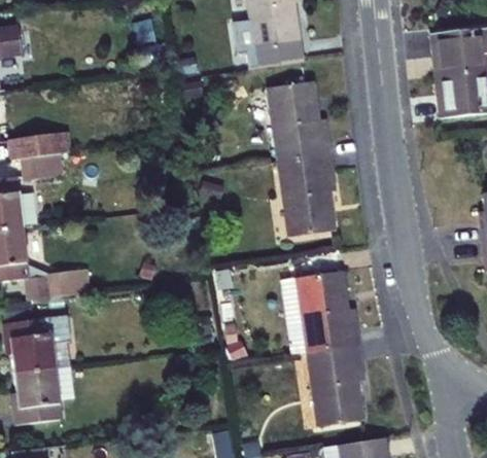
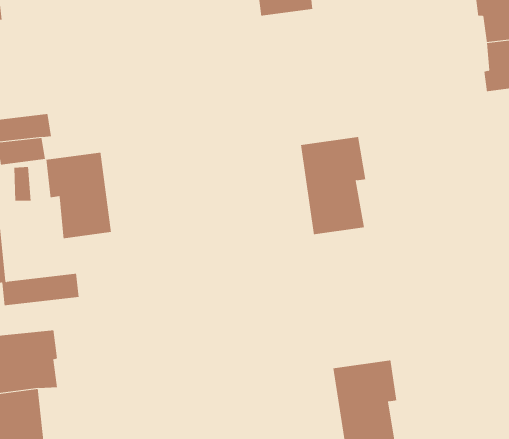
building: [268,83,329,163] -> none
building: none -> [46,152,111,239]
building: [295,272,357,354] -> none

